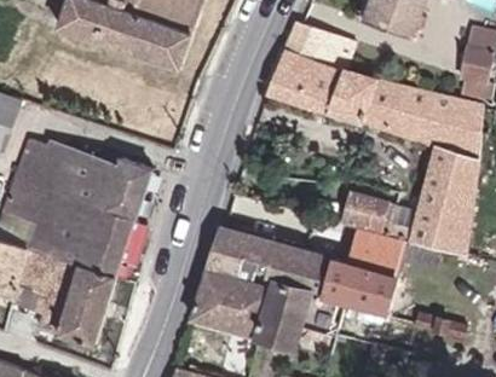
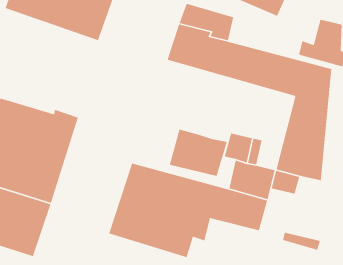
building: none -> [169,128,228,177]

